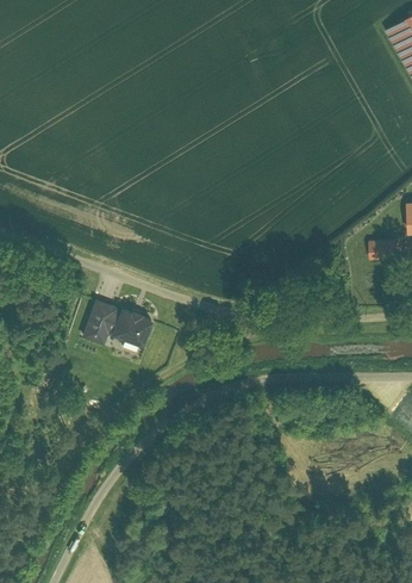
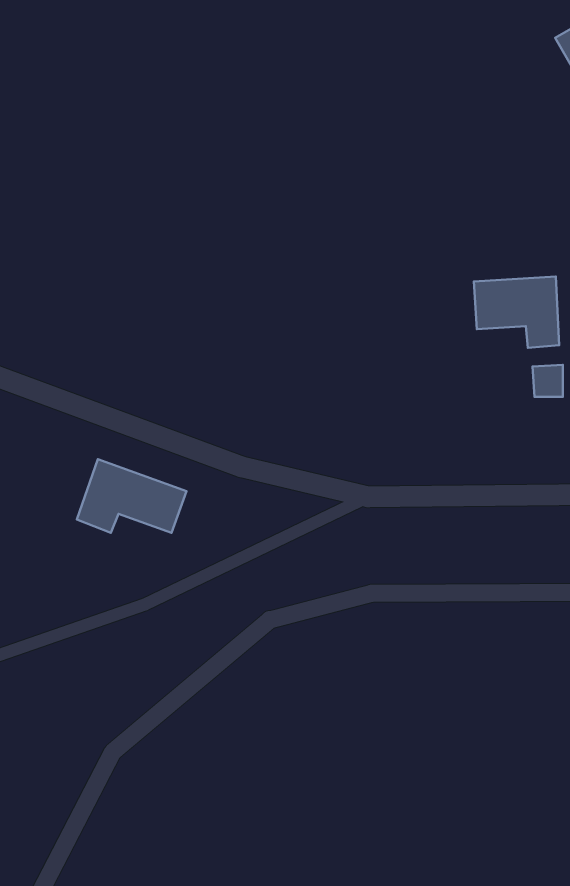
building: none -> [474,277,559,348]

